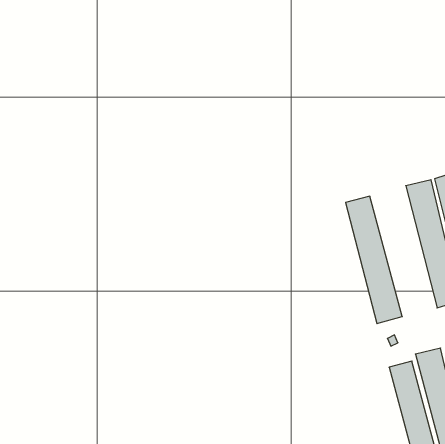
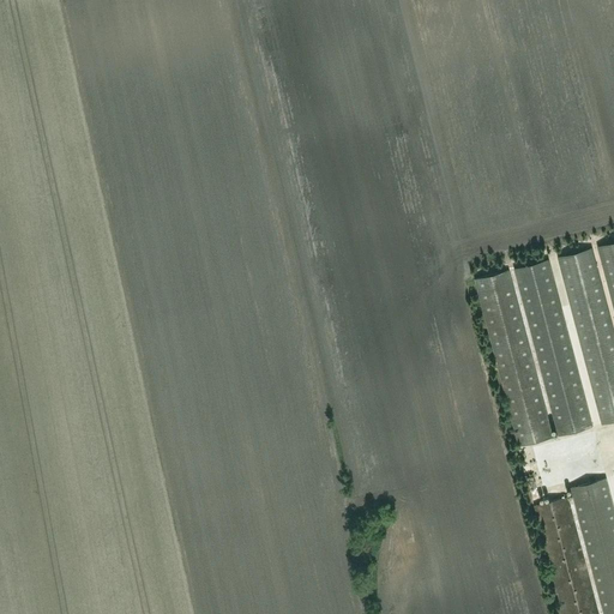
building: none -> [516,261,592,437]

